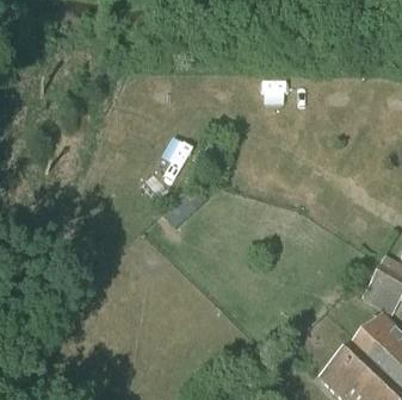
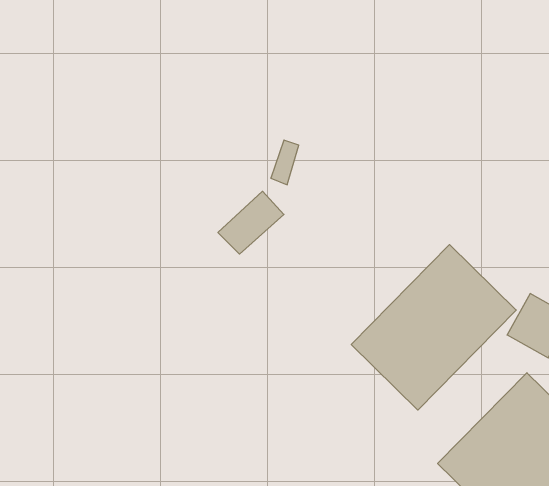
building: none -> [351,245,516,410]

